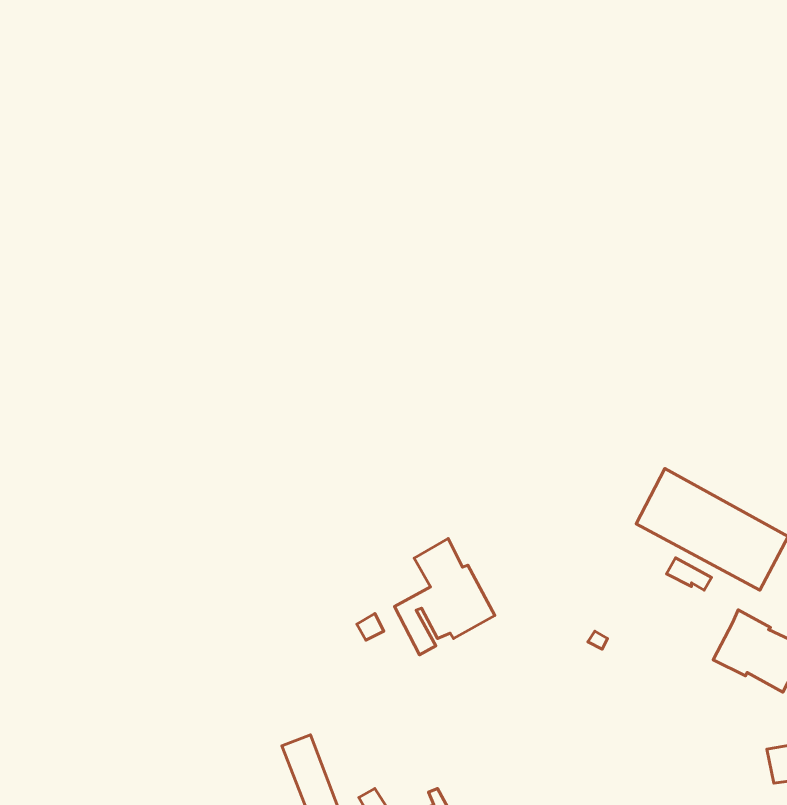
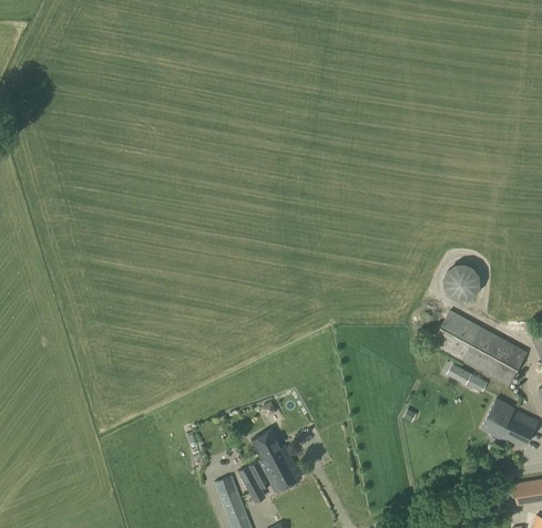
building: none -> [443,263,482,301]
building: [395,538,495,655] -> [239,429,301,501]

